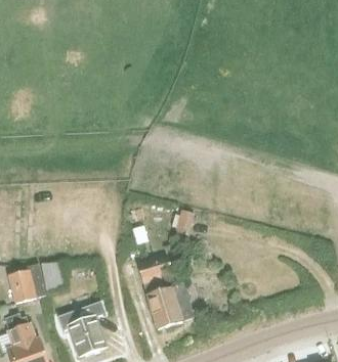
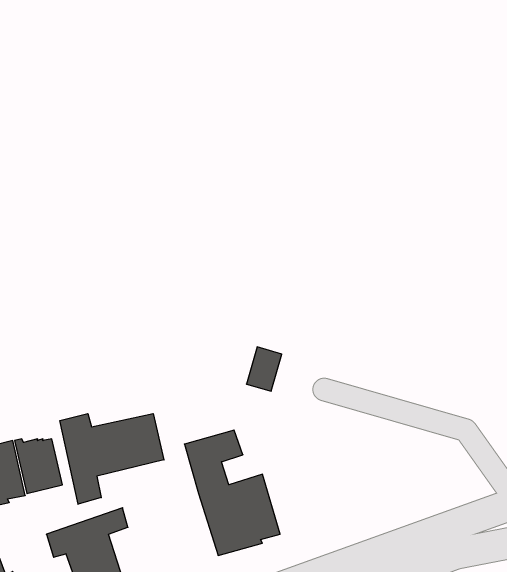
building: none -> [60,414,164,504]

